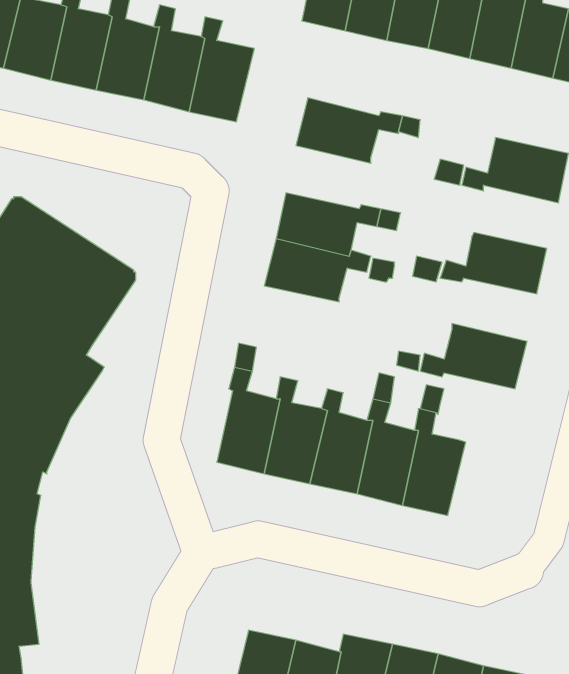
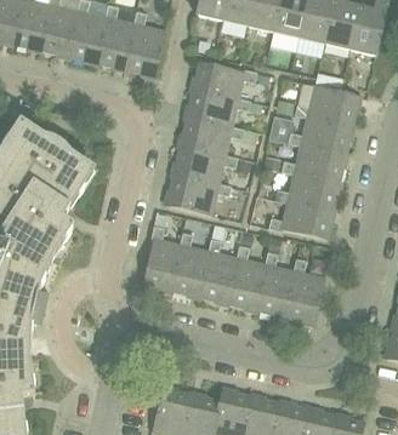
building: none -> [186,90,251,128]
building: none -> [269,114,353,153]
building: none -> [274,171,340,210]
building: none -> [166,176,232,214]
building: none -> [285,258,325,324]

